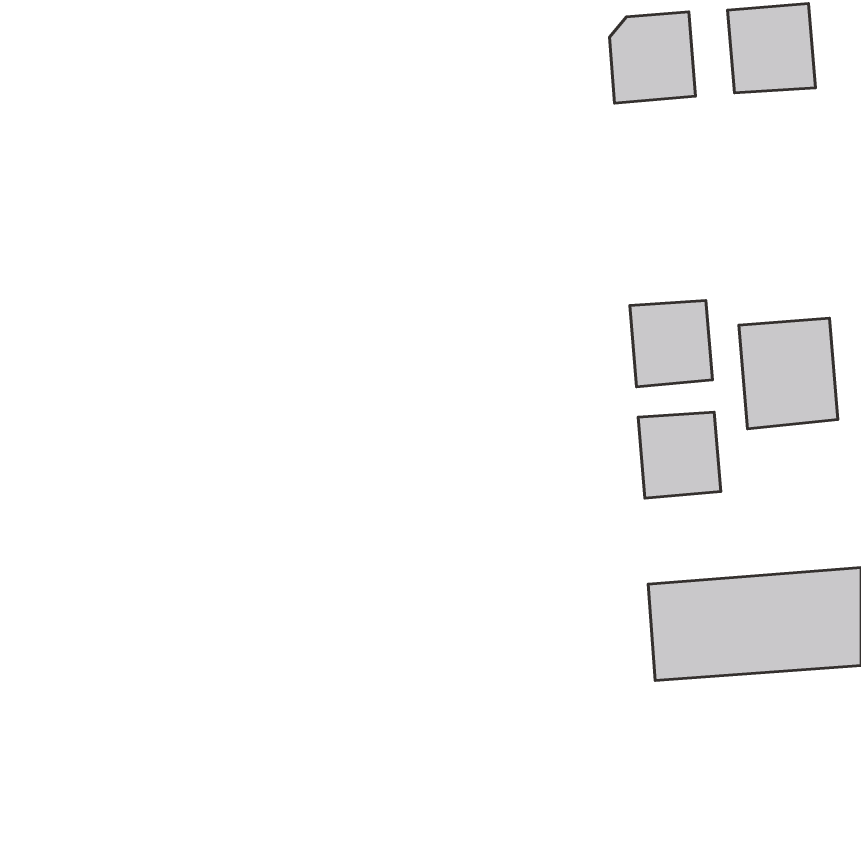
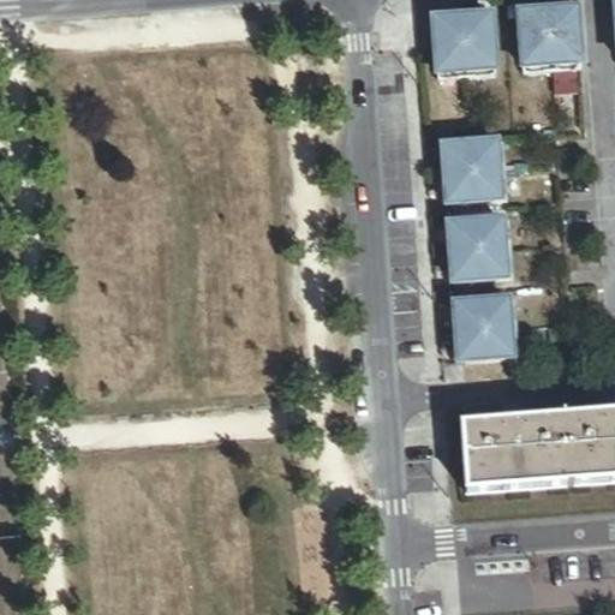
building: none -> [442,136,501,197]
building: [739,318,838,429] -> none

